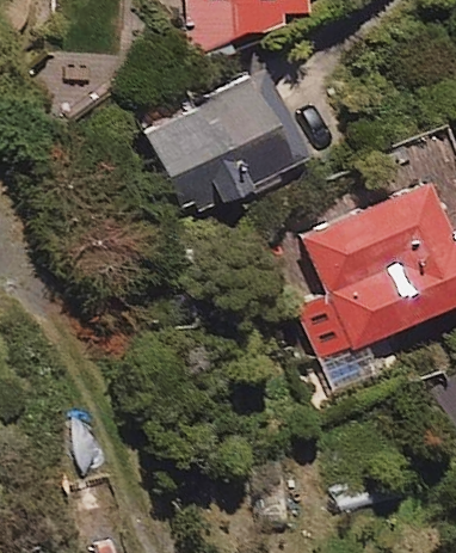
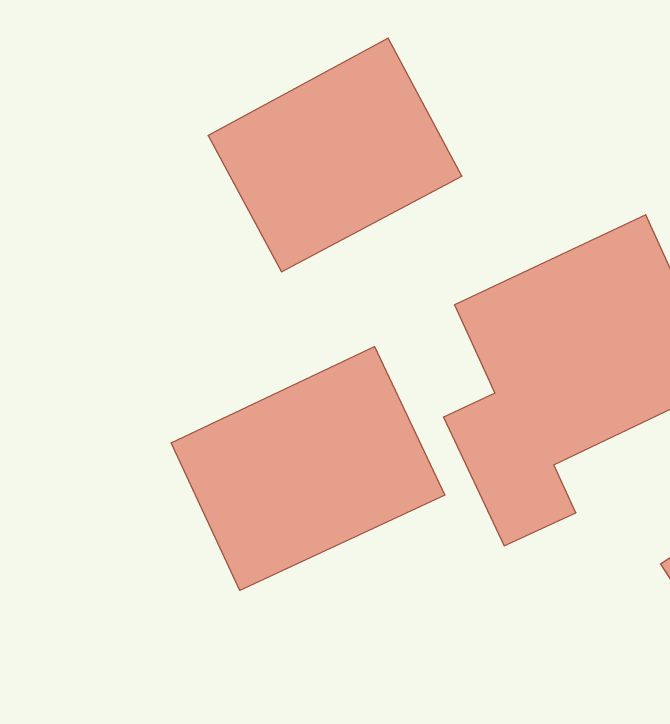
building: none -> [171,347,445,590]

